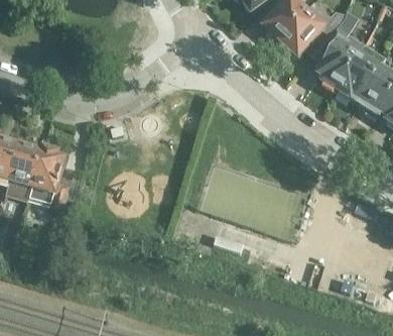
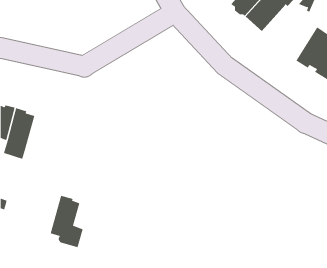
building: [316,32,360,88] -> none
building: [30,146,69,206] -> [50,195,84,248]

